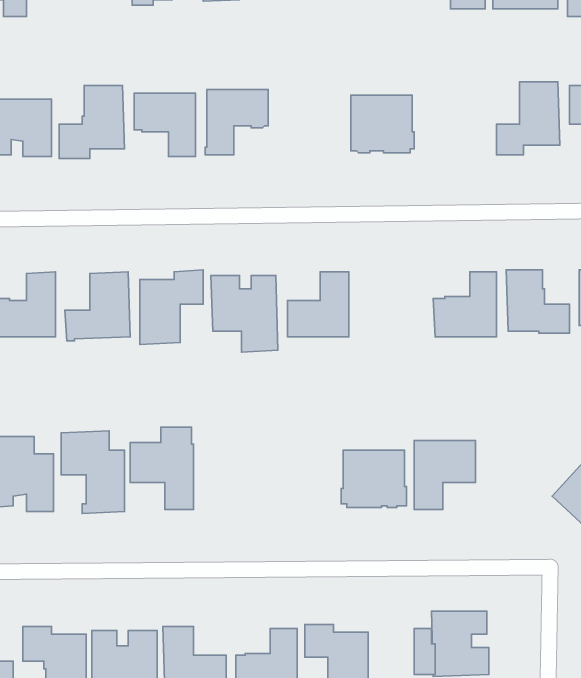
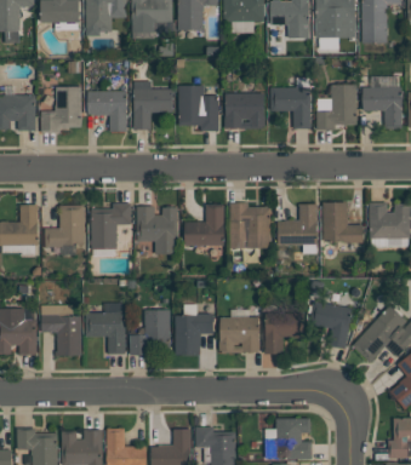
building: none -> [178,86,218,132]
building: none -> [270,88,310,130]
building: none -> [229,203,270,249]
building: none -> [309,303,352,350]
building: none -> [130,310,170,356]
building: none -> [175,314,213,355]

